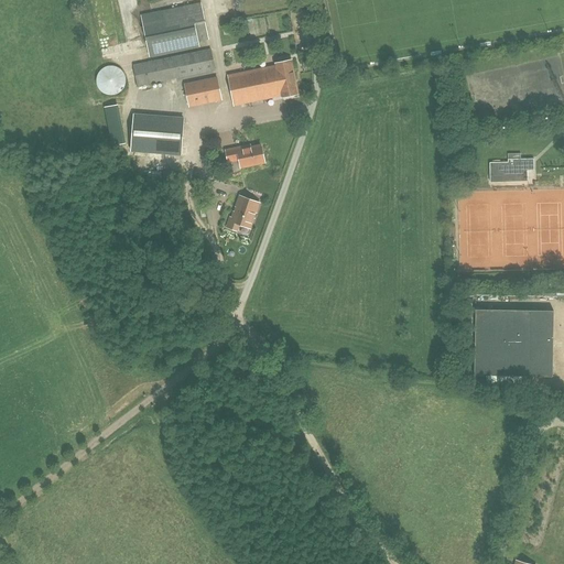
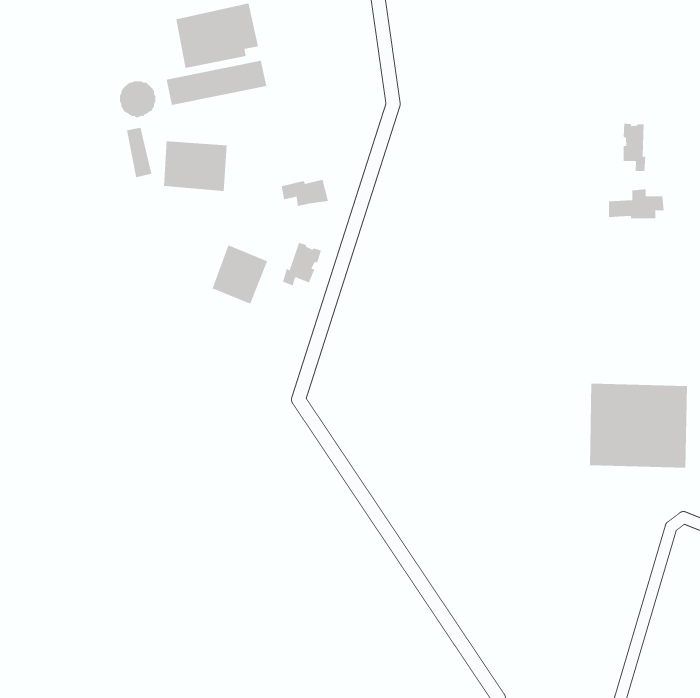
building: [228,59,297,104] -> none
building: [184,77,221,106] -> none
building: none -> [623,123,646,172]
building: none -> [212,245,268,304]

